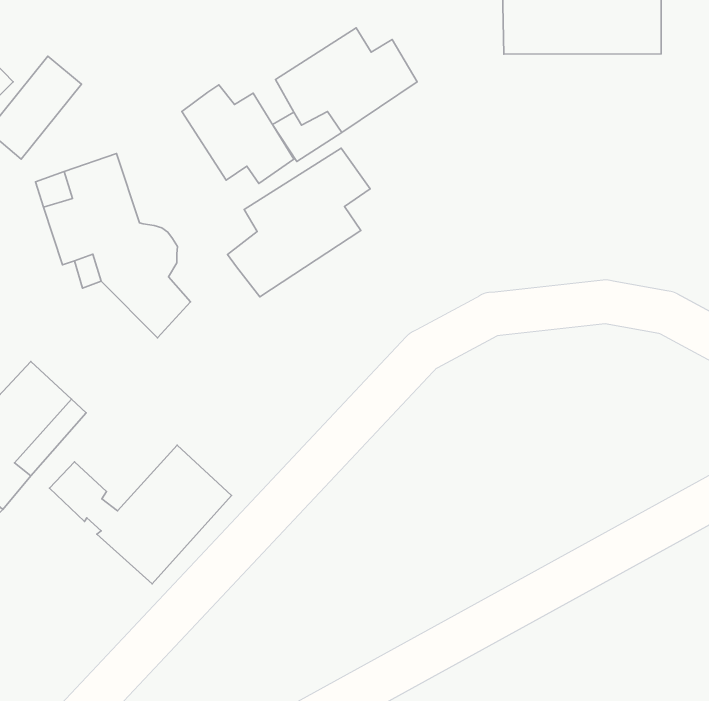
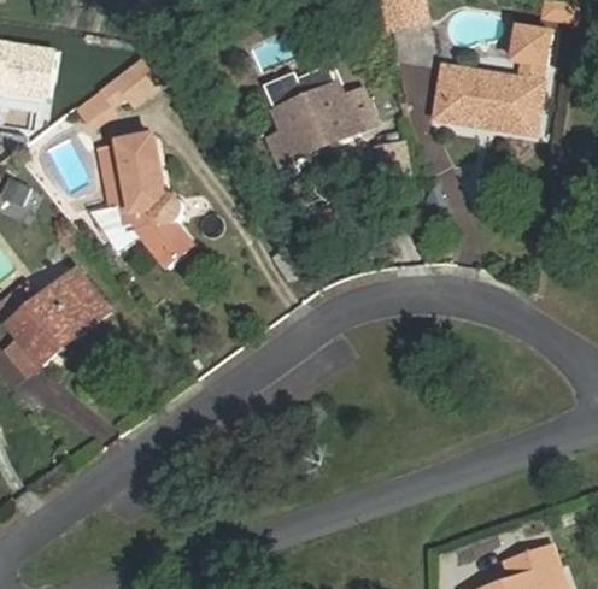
building: [182,85,294,183] -> none
building: [228,148,370,297] -> none
building: [50,445,231,584] -> none

